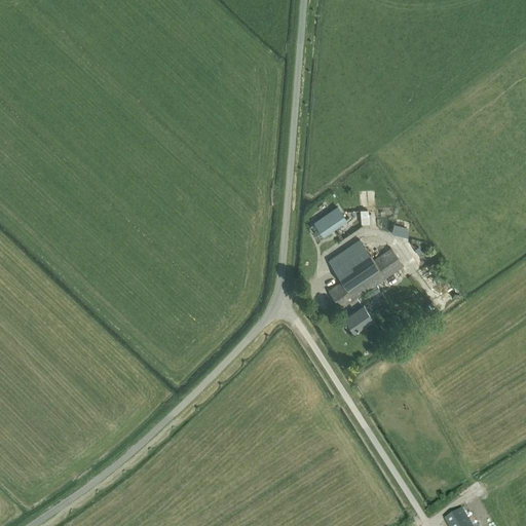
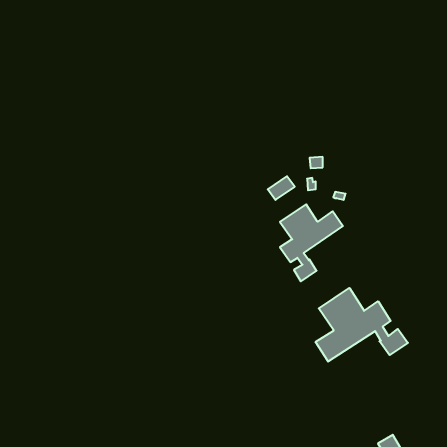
building: none -> [316,288,408,362]

